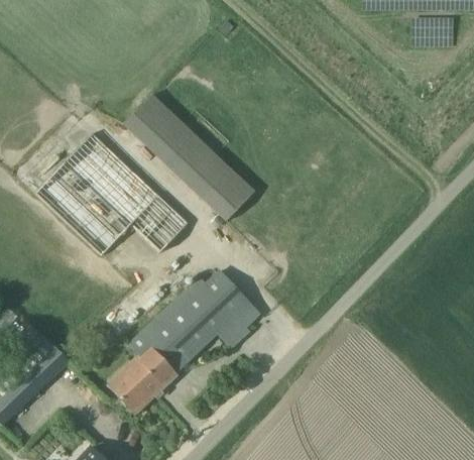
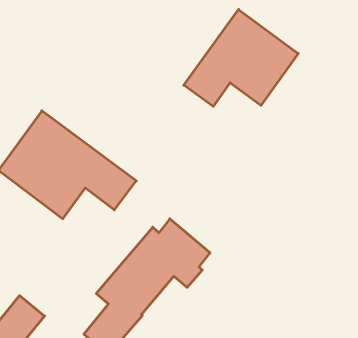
building: none -> [184,9,298,106]
building: [120,91,255,220] -> none

